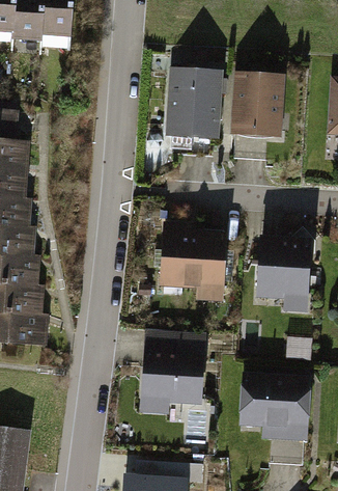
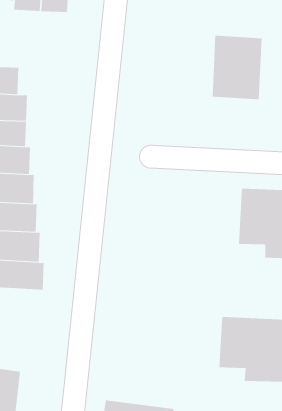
building: [165,66,222,143] -> none
building: [157,224,228,305] -> none
building: [138,335,203,415] -> none

